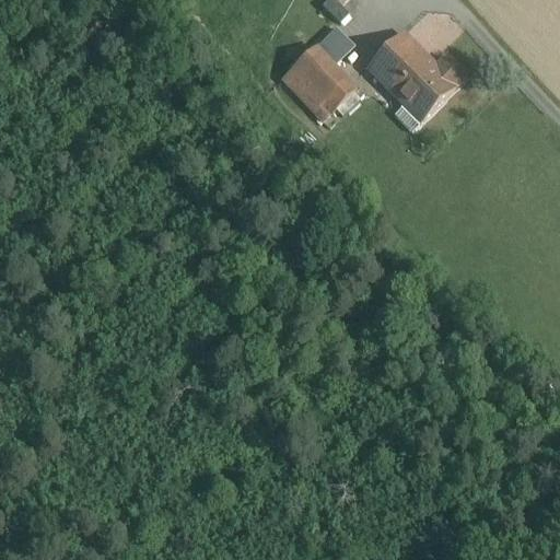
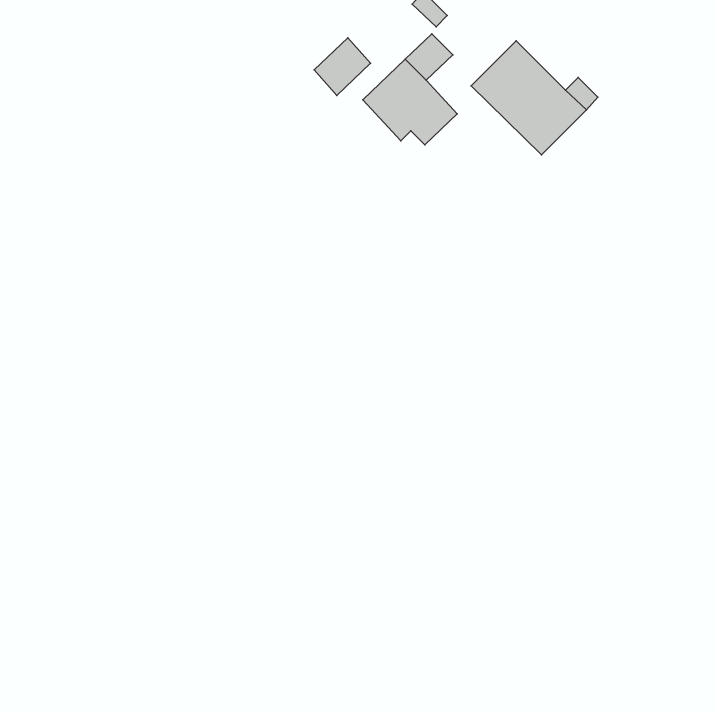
building: none -> [314,38,371,95]

